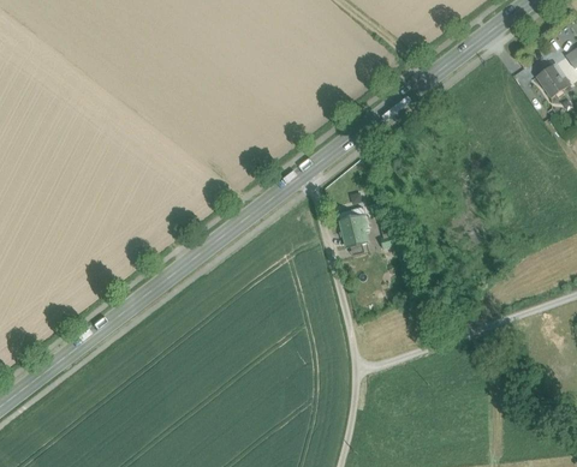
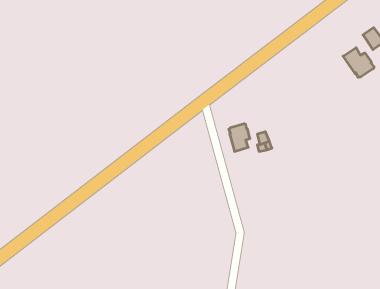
building: none -> [343,48,374,77]

